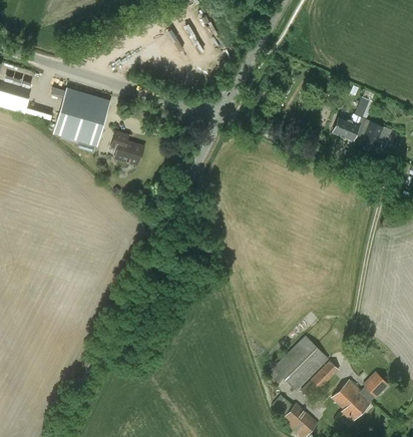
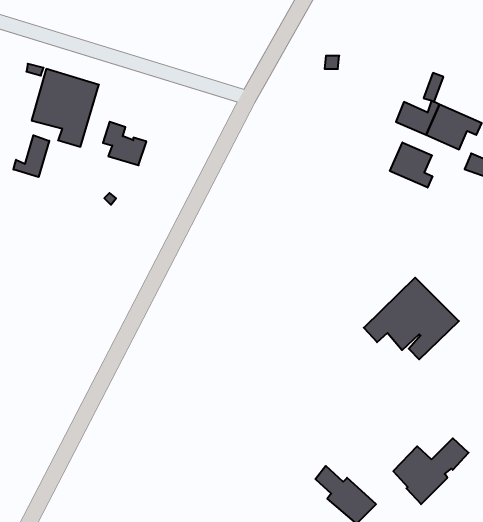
building: none -> [13,135,49,177]
building: none -> [390,142,432,188]
building: [267,336,339,398] -> [364,278,459,359]

